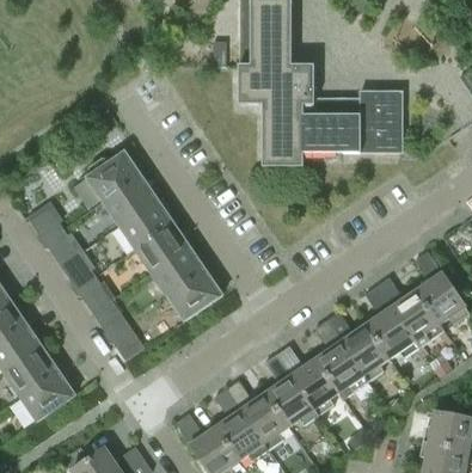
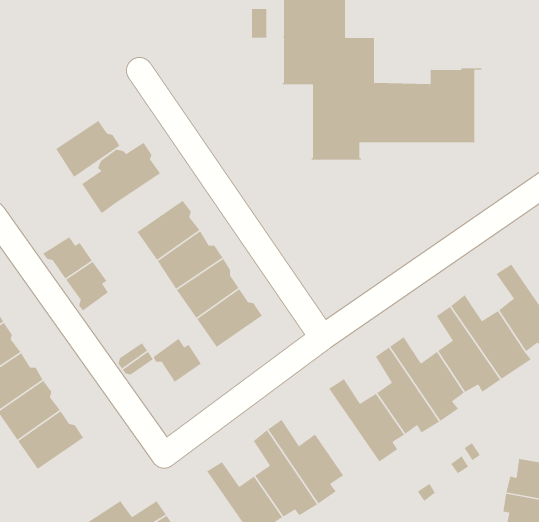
building: [103,178,157,226] -> [55,120,120,178]
building: [27,203,63,244] -> none
building: [74,276,115,313] -> [153,338,202,383]
building: [264,355,318,426] -> none

